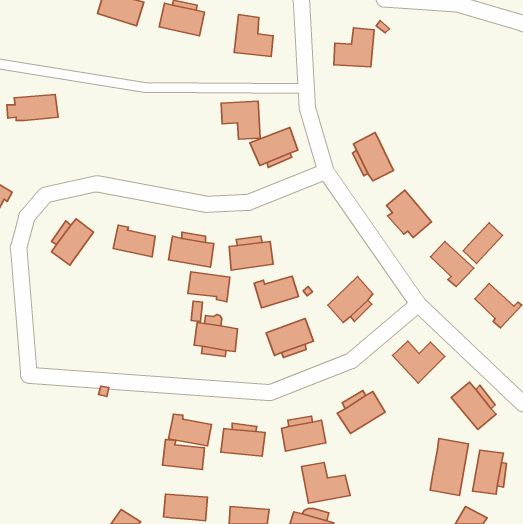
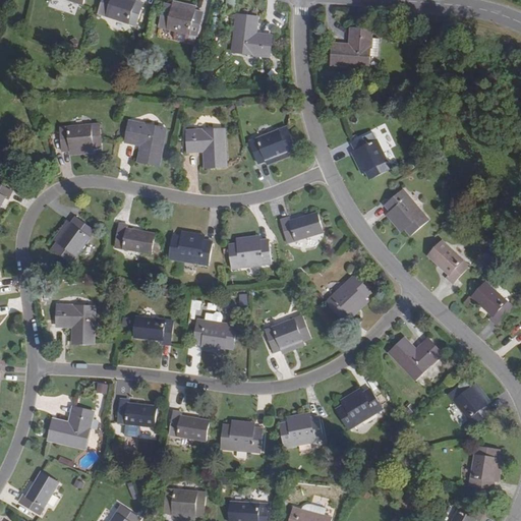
building: [7,95,58,120] -> [51,124,102,150]
building: [221,101,260,139] -> [186,129,225,167]
building: none -> [125,121,165,165]
building: [463,223,503,263] -> none
building: [188,272,230,302] -> [131,315,173,345]
building: [254,276,298,308] -> [279,212,323,243]
building: none -> [56,305,93,343]
building: none -> [47,407,92,448]
building: [430,439,468,495] -> none
building: [162,440,205,469] -> [115,398,157,427]
building: [302,462,350,503] -> none
building: none -> [17,471,58,515]

